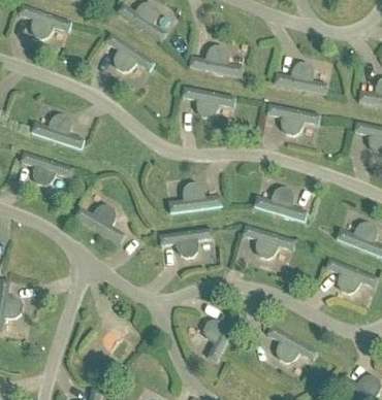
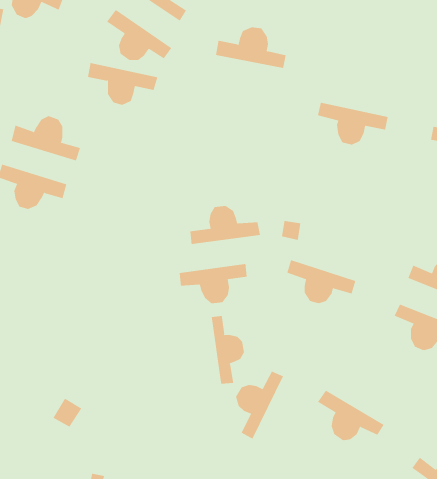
building: [273,62,327,94] -> none
building: [181,86,235,119] -> [87,62,158,105]
building: [253,187,307,221] -> none
building: [73,204,125,242] -> none
building: none -> [211,315,245,385]

